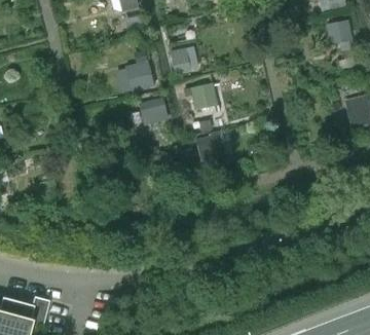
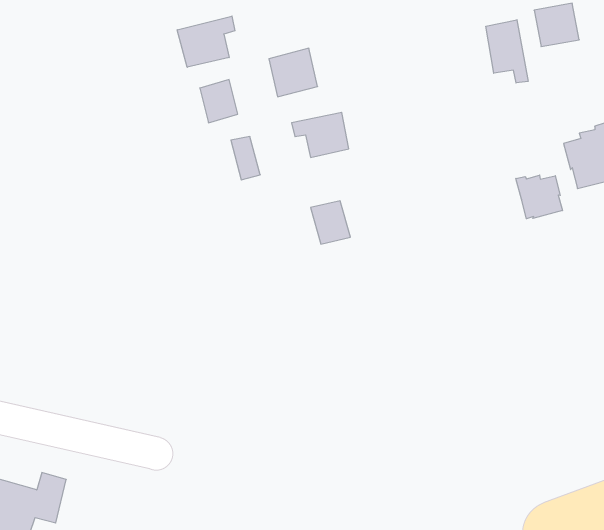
building: none -> [177,16,235,67]
building: none -> [486,20,528,83]
building: none -> [516,175,562,219]

